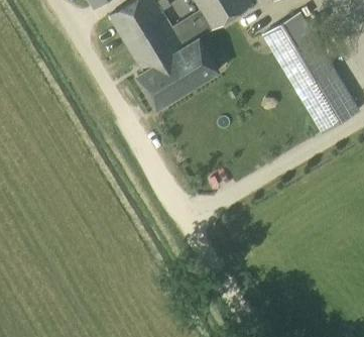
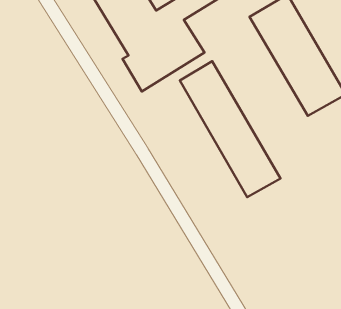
building: none -> [180,61,280,197]

